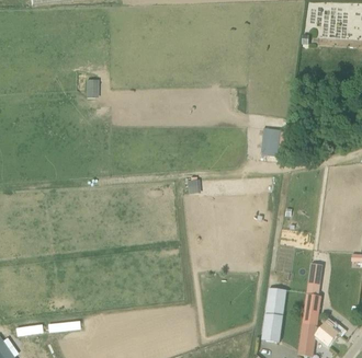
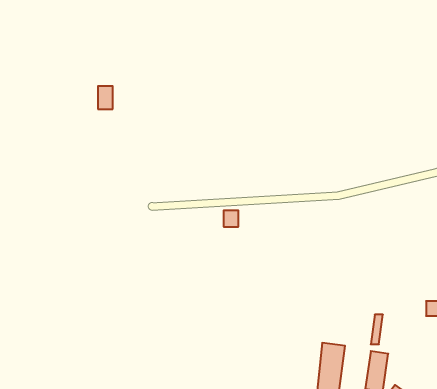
building: [260,127,279,154] -> none

